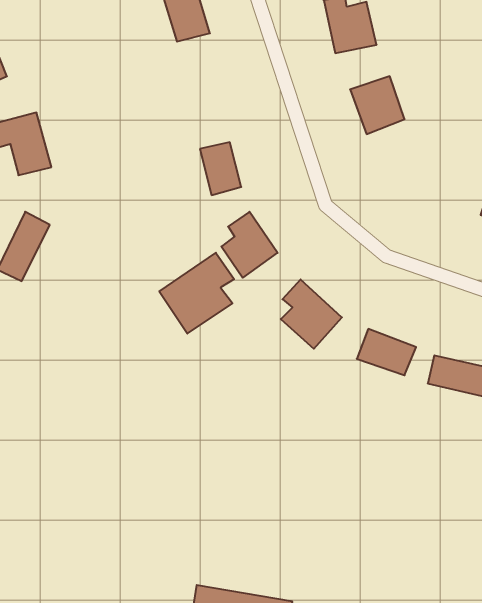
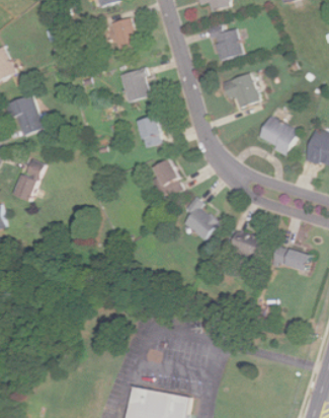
building: none -> [120,69,152,101]
building: none -> [258,116,300,155]
building: [159,253,234,334] -> none

